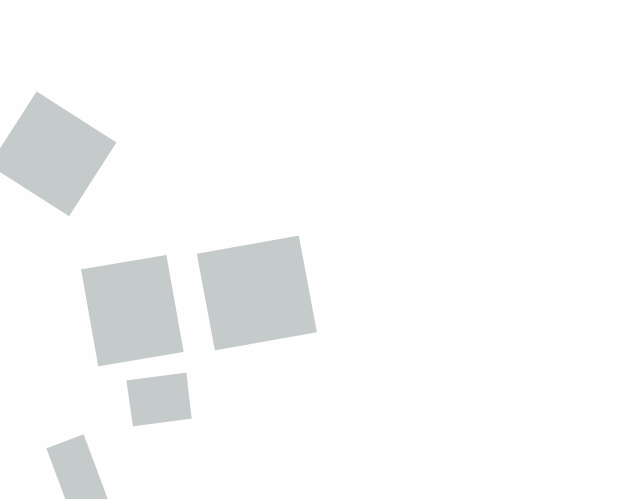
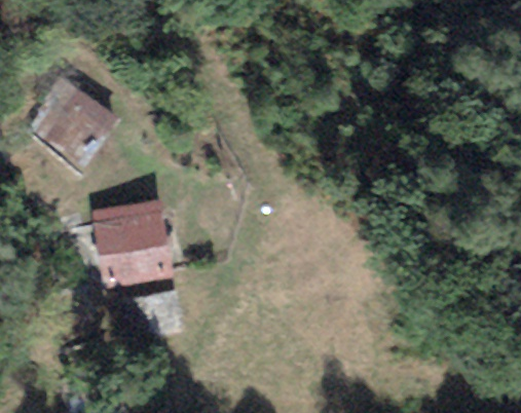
building: [196,235,317,351] -> none

